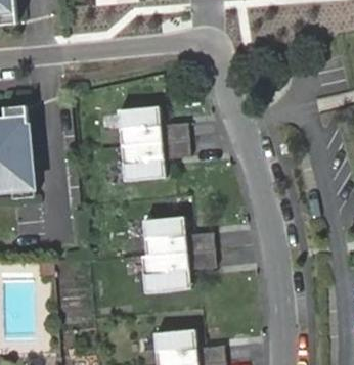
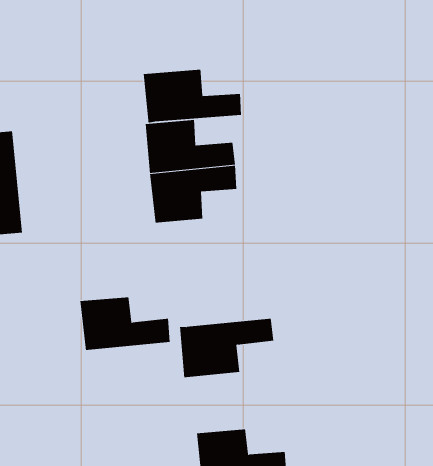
building: none -> [143,69,242,123]
building: [146,217,212,256] -> [79,297,170,351]

